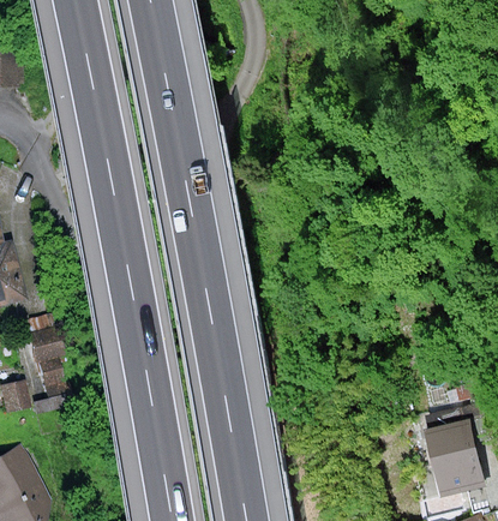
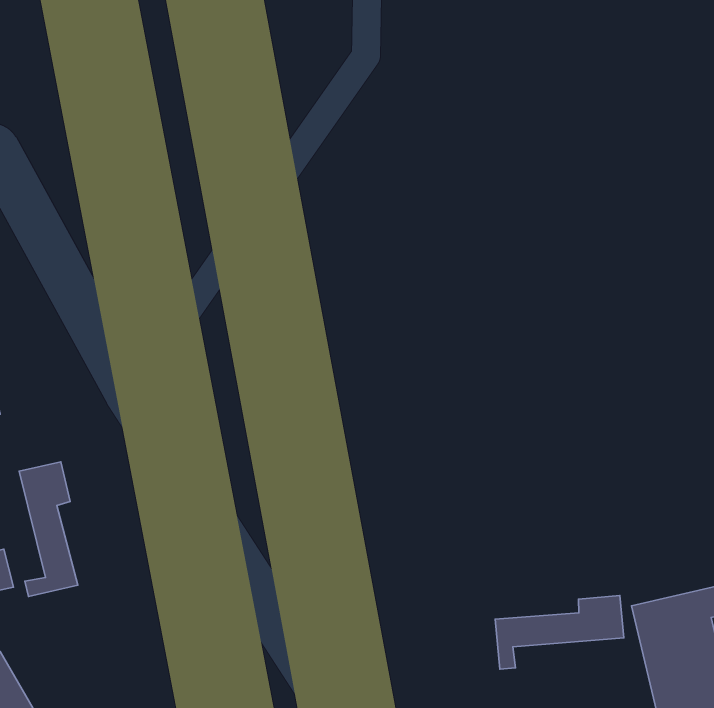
building: none -> [495,595,624,669]

